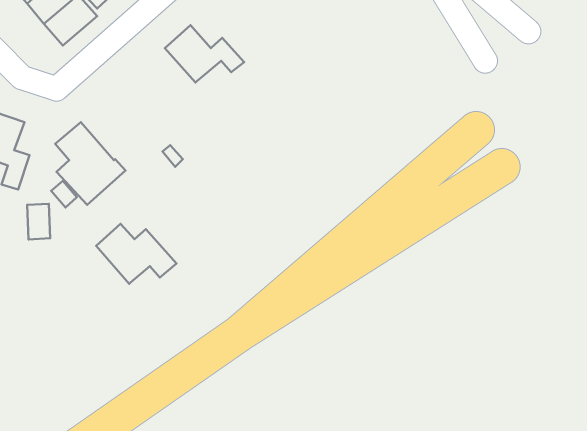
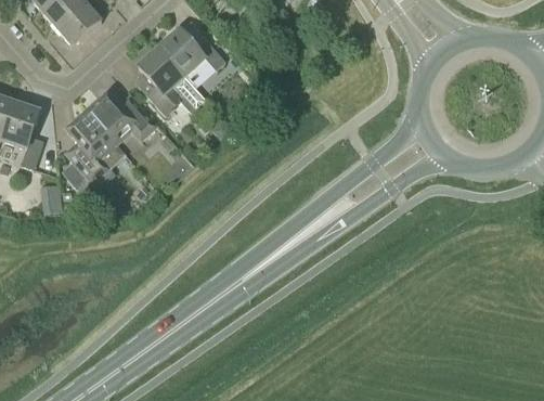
building: none -> [138,49,208,115]
building: [96,224,177,284] -> [87,93,155,144]

